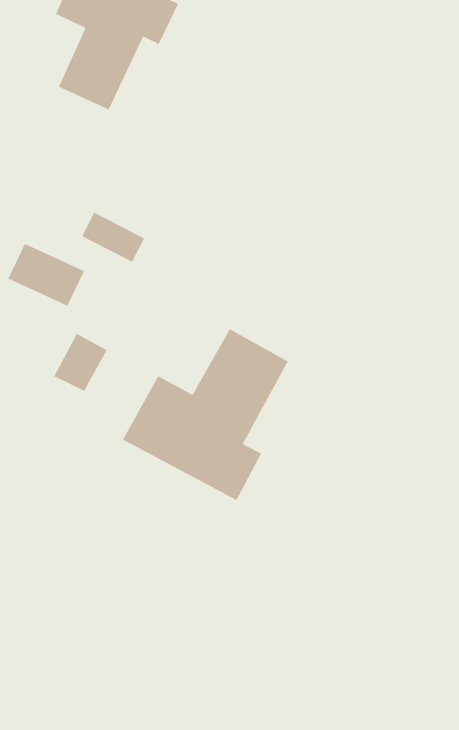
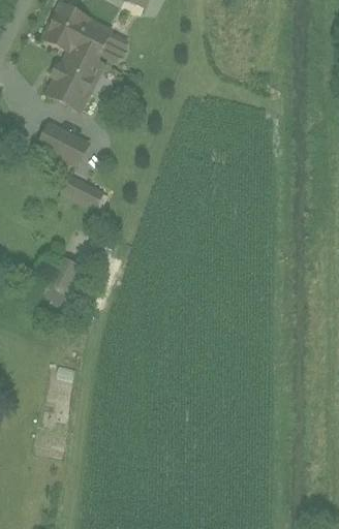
building: [7,243,85,307] -> [36,123,88,165]
building: [122,328,289,501] -> none

